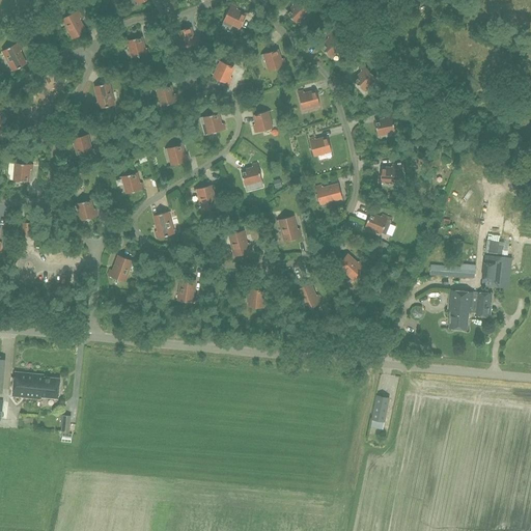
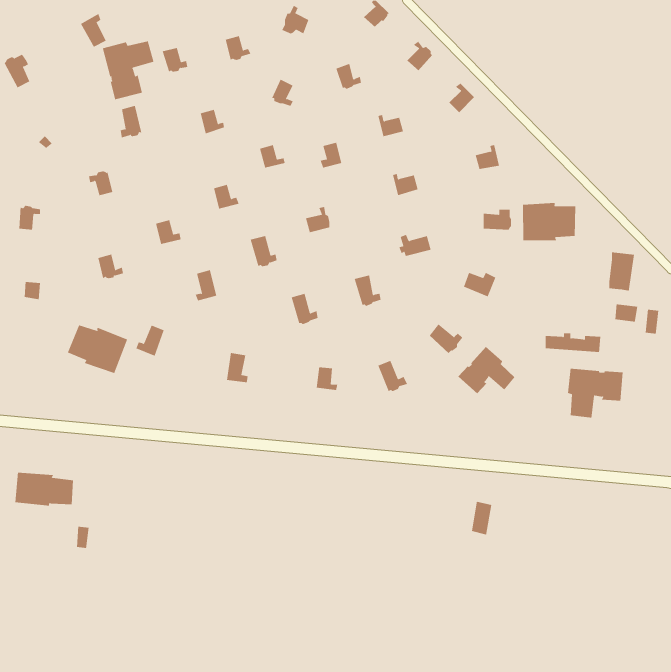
building: none -> [102,41,154,100]
building: none -> [523,202,576,241]
building: [481,255,502,286] -> [608,252,635,291]
building: none -> [67,324,128,374]
building: none -> [458,346,515,394]

